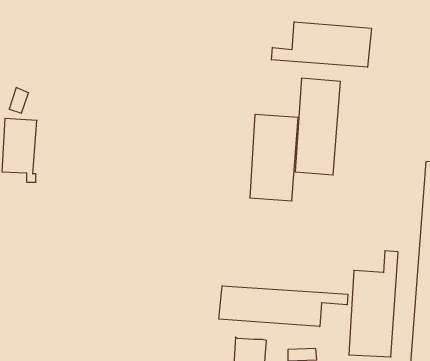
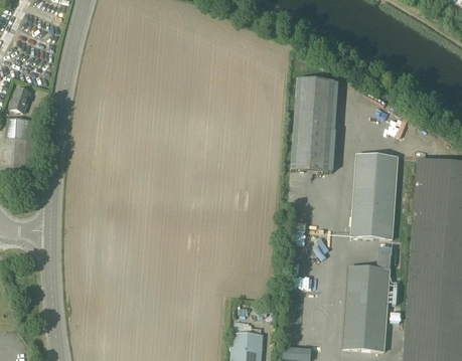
building: [272,22,371,67] -> none
building: [250,114,298,201] -> [350,154,398,238]
building: [219,286,348,327] -> none

